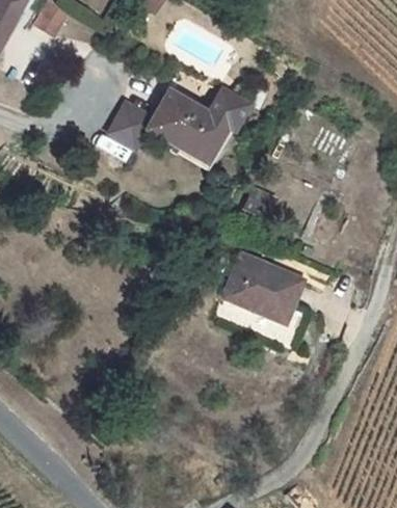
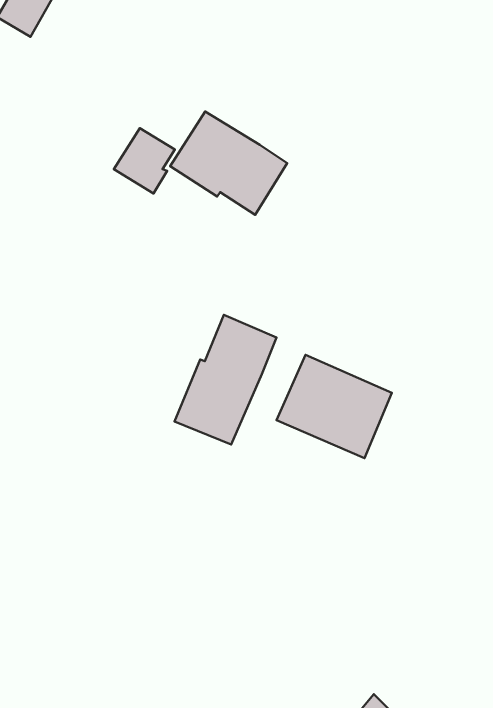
building: [180,86,250,168] -> none
building: none -> [174,315,276,445]

